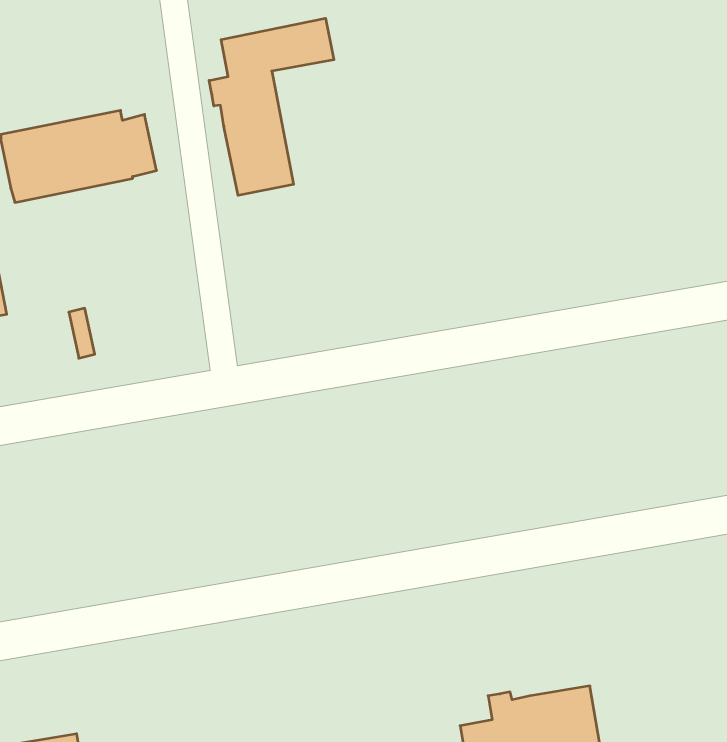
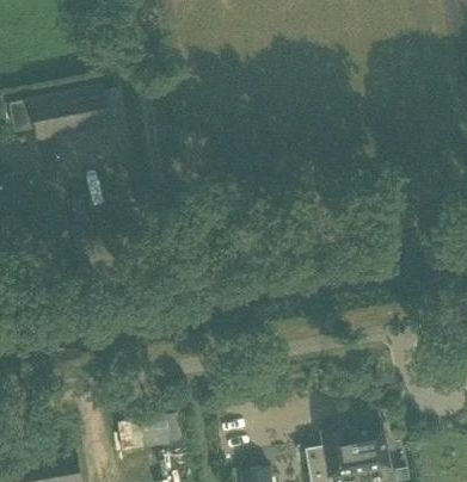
building: [209,18,334,195] -> none

